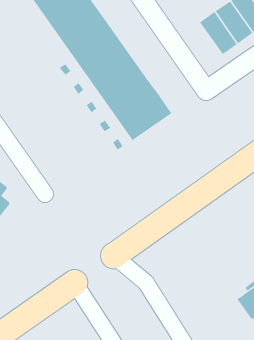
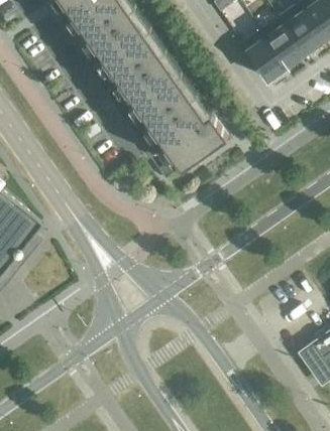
building: none -> [240,35,286,86]

